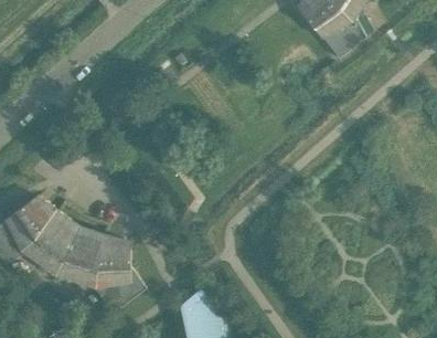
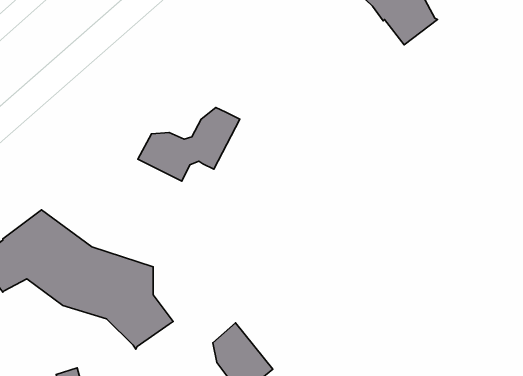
building: none -> [138,108,240,181]

